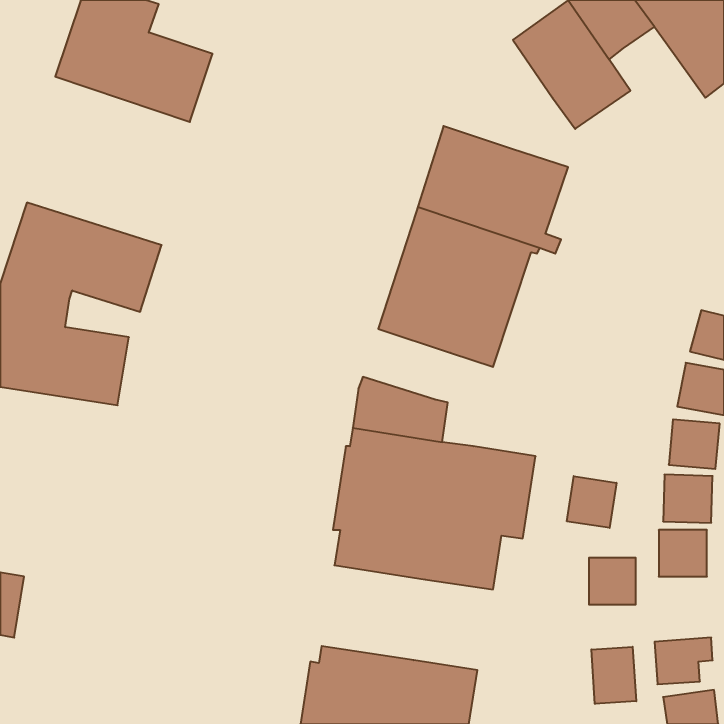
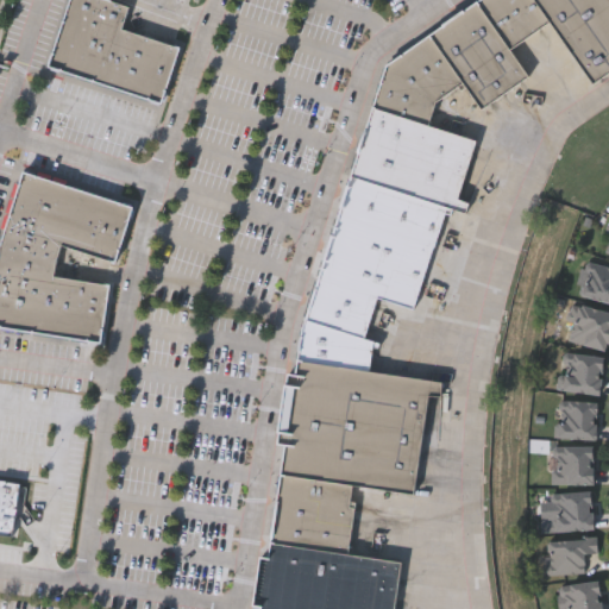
building: none -> [372,33,464,125]
building: none -> [304,276,378,335]
building: [567,476,616,528] -> none
building: [589,558,636,605] -> [554,491,594,530]
building: none -> [270,475,357,554]
building: [591,647,636,704] -> none

